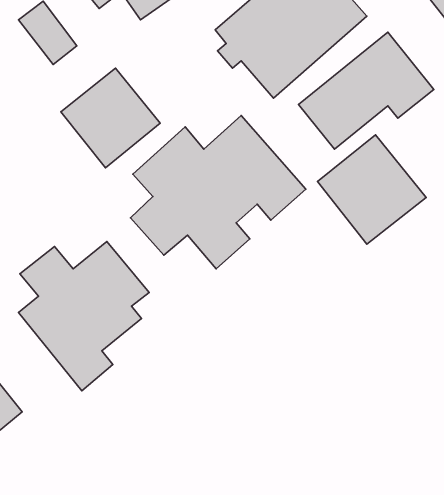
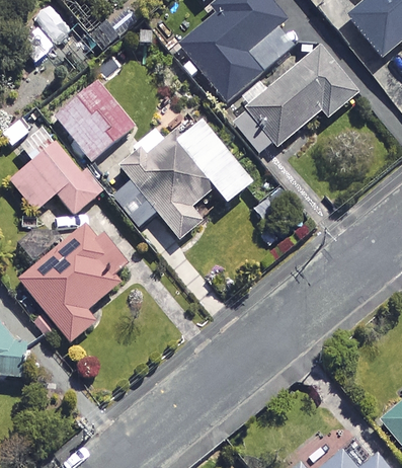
building: none -> [8,127,102,214]
building: [318,135,426,244] -> none

